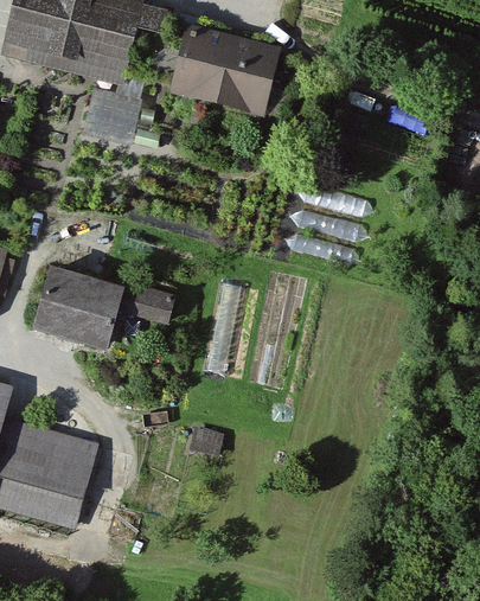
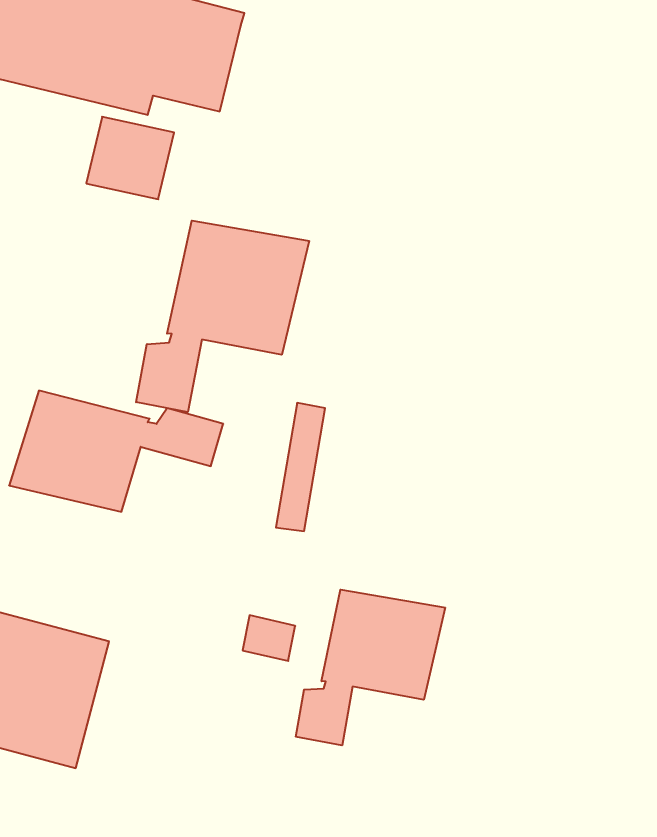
building: [169,24,281,116] -> none
building: none -> [136,221,309,412]
building: none -> [296,590,445,745]

